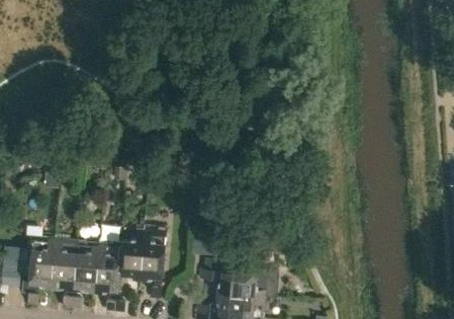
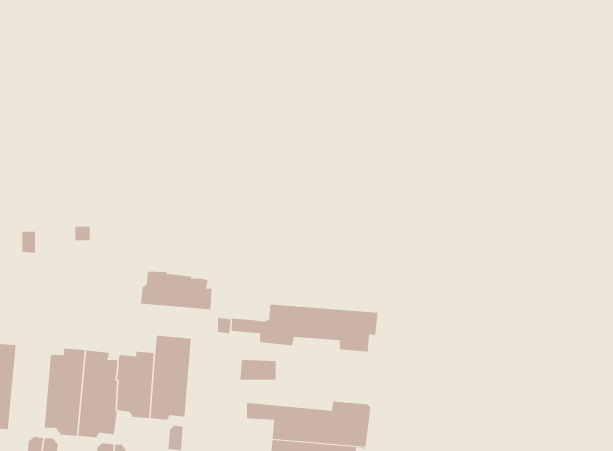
building: none -> [140,271,212,310]
building: none -> [231,304,378,353]
building: [51,234,77,288] -> none

